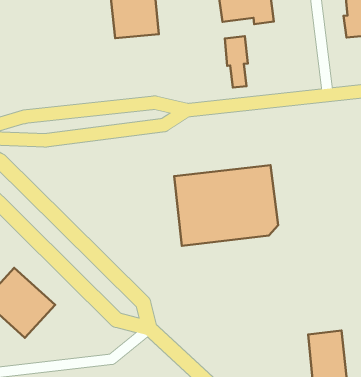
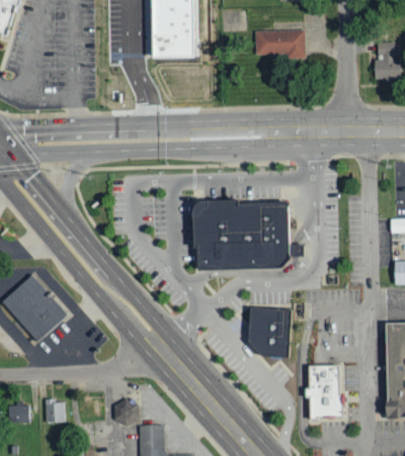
building: [225,36,248,88] -> none
building: none -> [246,303,293,356]

